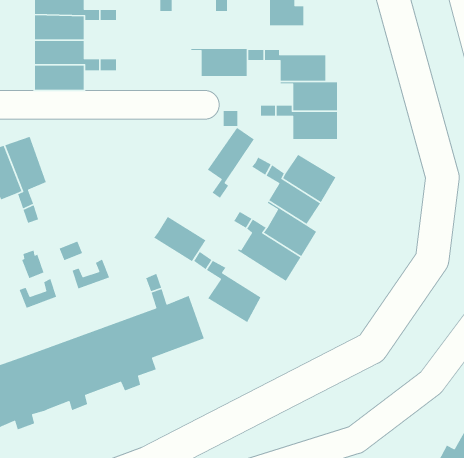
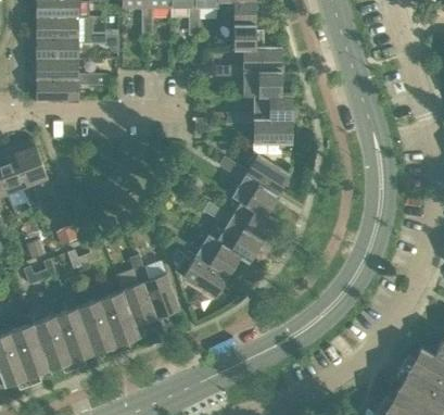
building: [190,48,247,77] -> [234,47,282,71]
building: [207,127,255,199] -> none
building: [153,216,206,262] -> [195,236,240,275]

